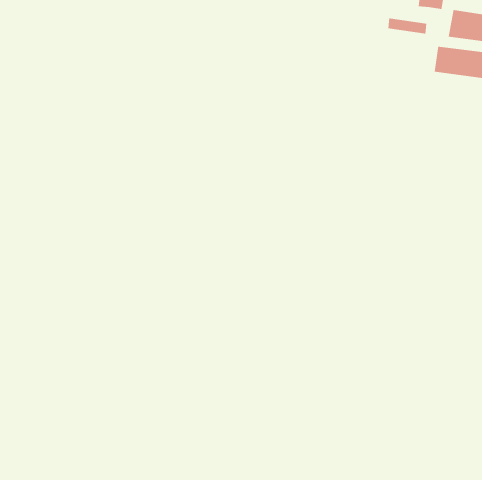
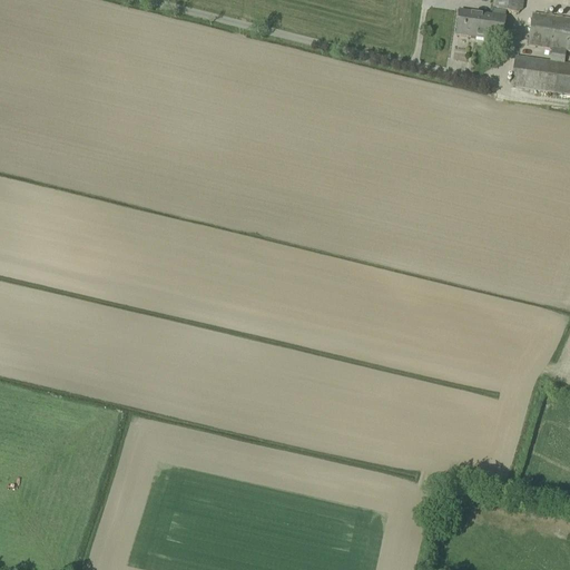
building: none -> [459,8,507,28]

